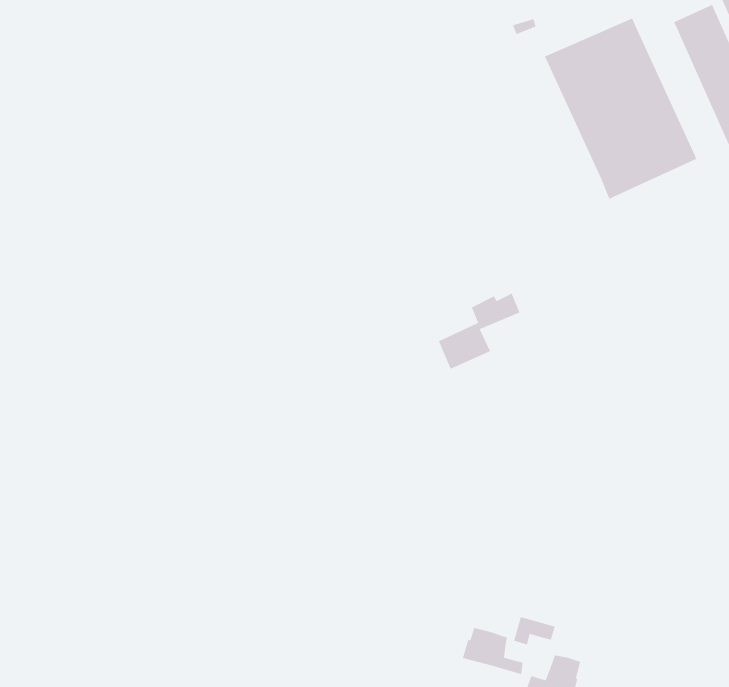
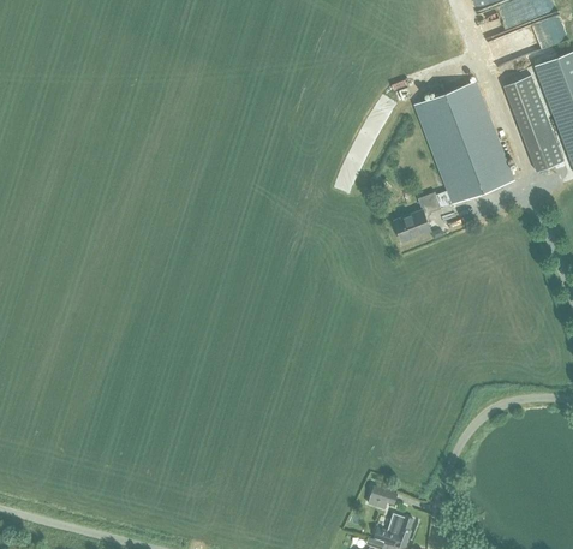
building: [438,292,520,370] -> [394,190,452,240]
building: [462,627,523,675] -> none

